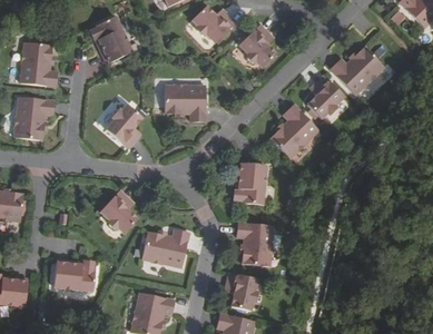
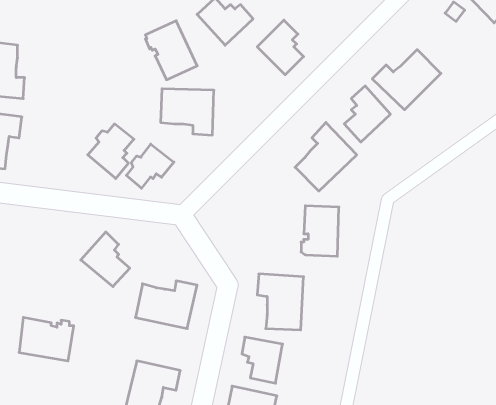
building: [89,14,130,61] -> [145,21,197,80]
building: none -> [126,144,174,188]
building: [235,165,265,205] -> [301,206,339,256]

